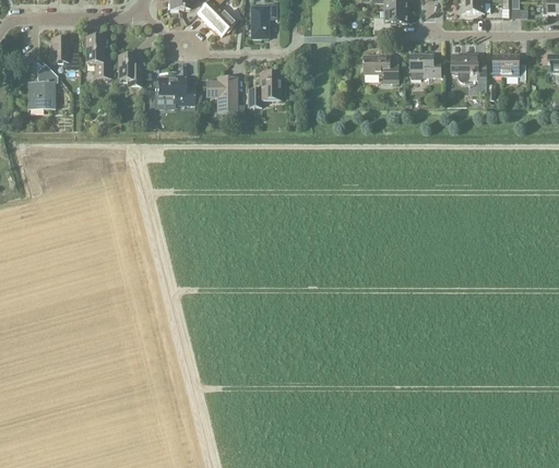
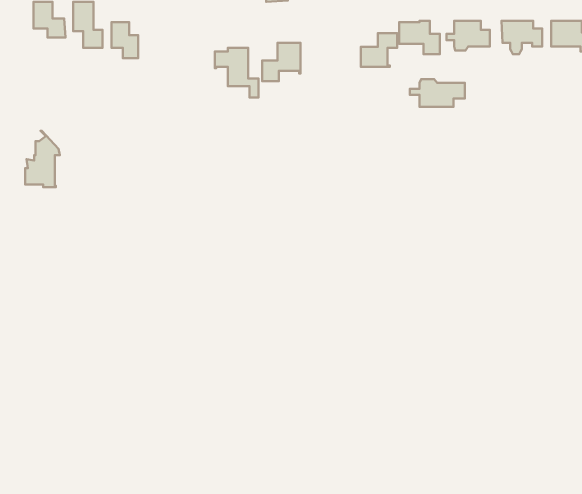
building: [29,59,59,107] -> [25,131,60,187]
building: none -> [361,33,397,67]
building: [159,76,195,103] -> none
building: none -> [410,79,465,107]

